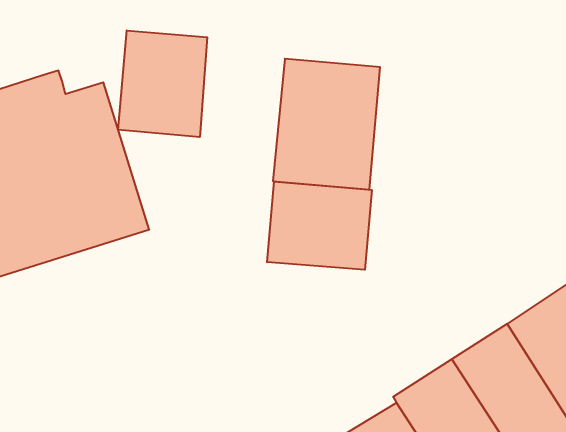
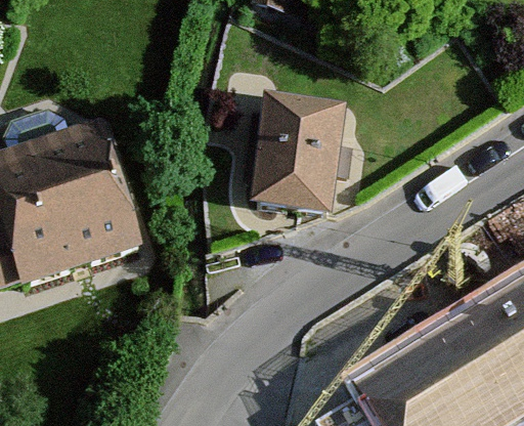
building: [118,30,207,137] -> none
building: [267,181,372,270] -> none

